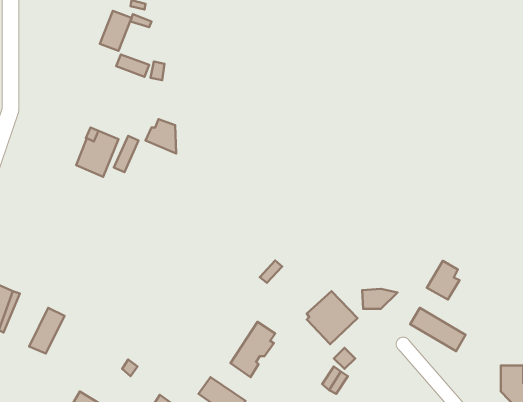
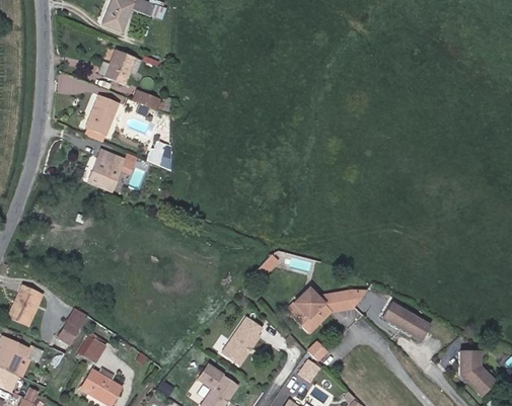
building: none -> [86,93,125,136]
building: [427,261,459,299] -> none
building: none -> [73,331,99,358]

